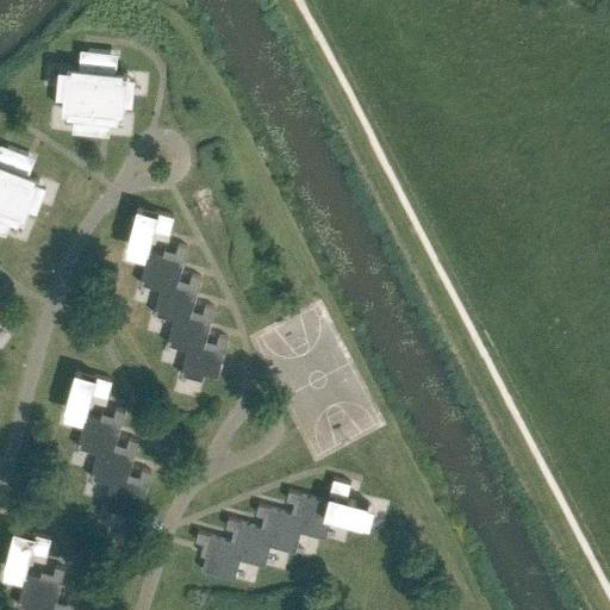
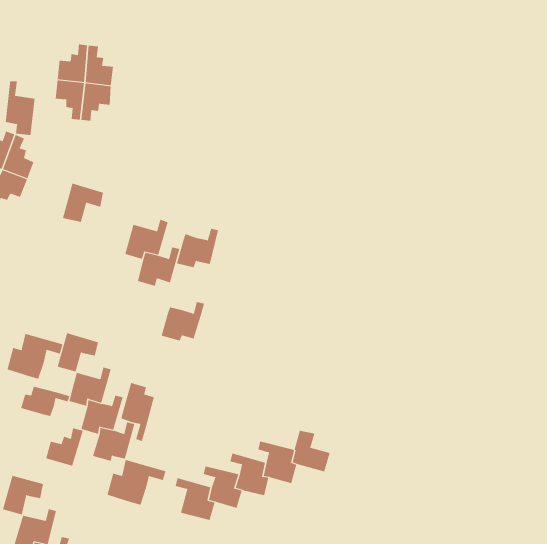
building: none -> [5,80,35,136]
building: [126,210,173,254] -> [62,183,104,223]
building: [166,309,213,353] -> [176,228,219,268]
building: none -> [7,333,63,380]
building: none -> [121,382,154,442]
building: none -> [21,386,70,417]
building: none -> [45,428,83,467]
building: none -> [107,459,166,506]

